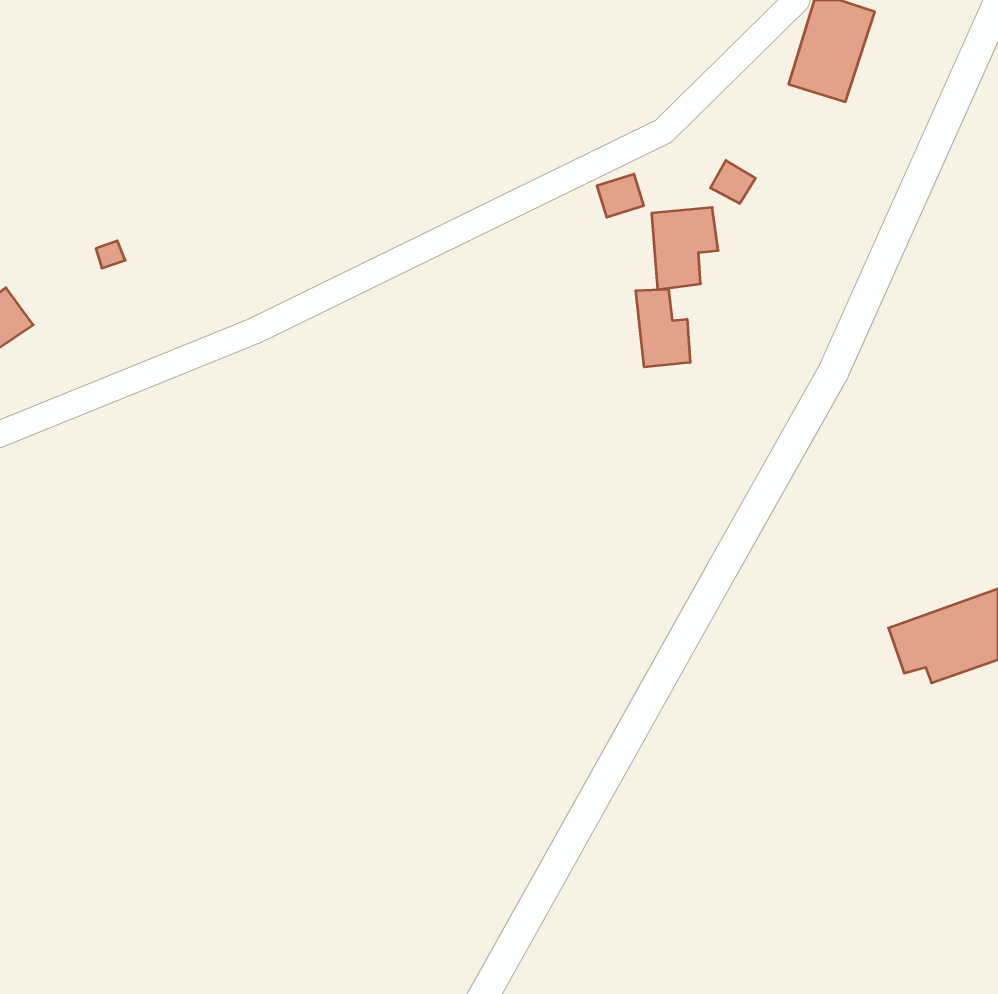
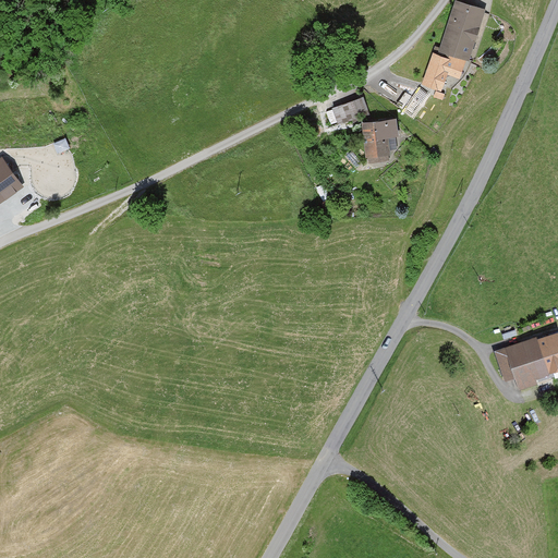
building: none -> [423,50,465,89]
building: [636,289,690,367] -> none

